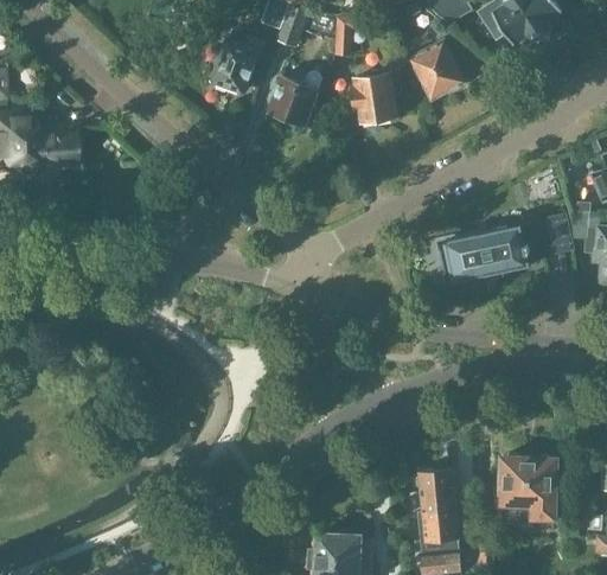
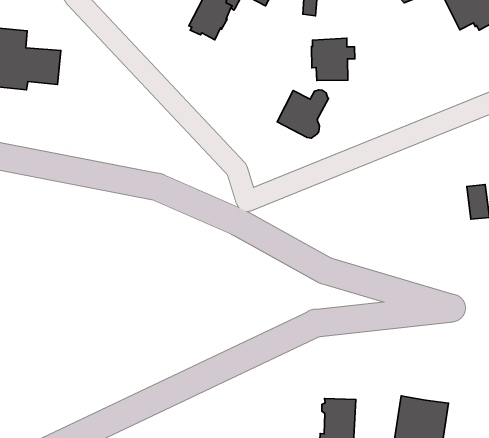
building: [410,41,477,98] -> none
building: [269,71,322,126] -> [277,90,329,138]
building: [436,223,530,286] -> none

